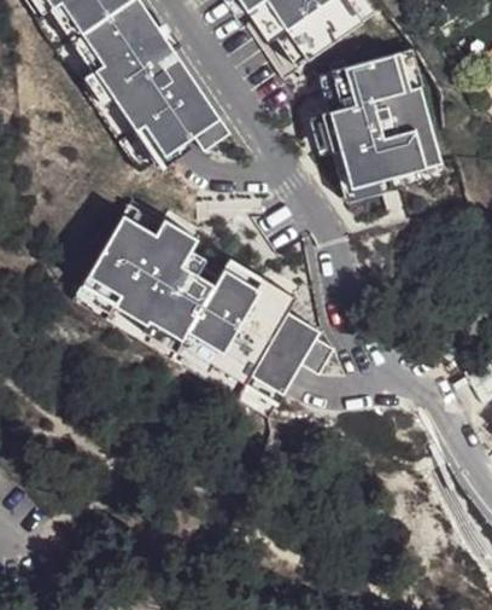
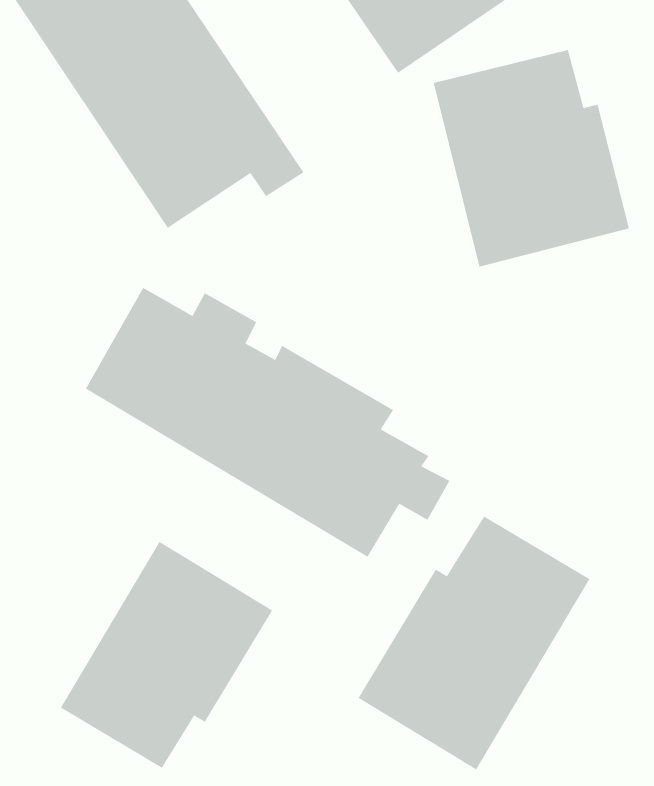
building: none -> [358,515,591,771]
building: none -> [60,541,273,769]

